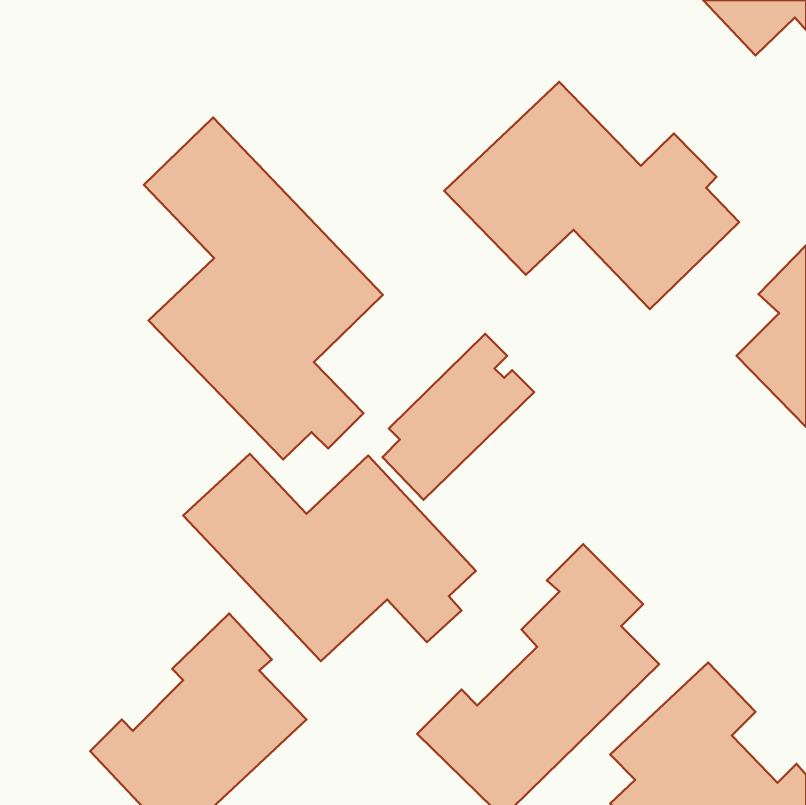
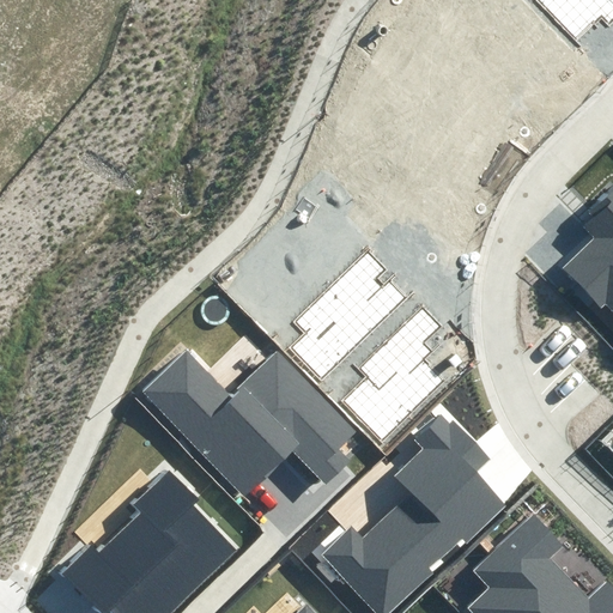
building: [444,82,739,309] -> none
building: [144,117,383,459] -> none
building: none -> [342,306,443,443]

